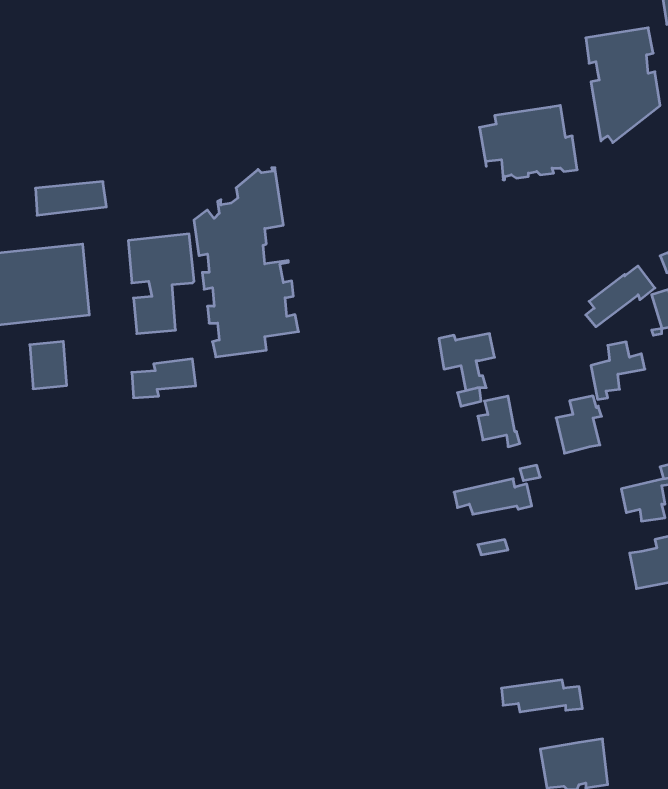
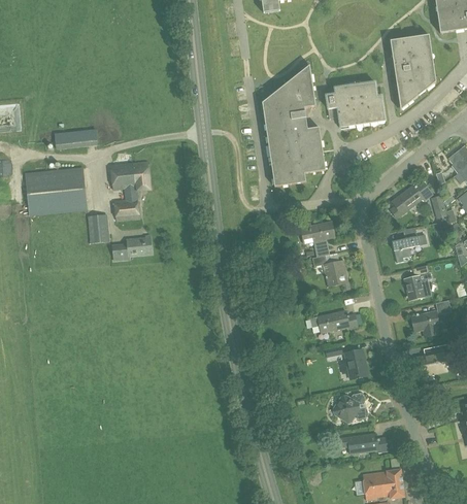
building: [194,168,299,357] -> [261,70,325,186]
building: [30,341,67,389] -> [87,213,109,242]
building: [556,396,602,453] -> [404,264,432,299]
building: none -> [344,347,368,378]
building: none -> [332,392,367,422]

